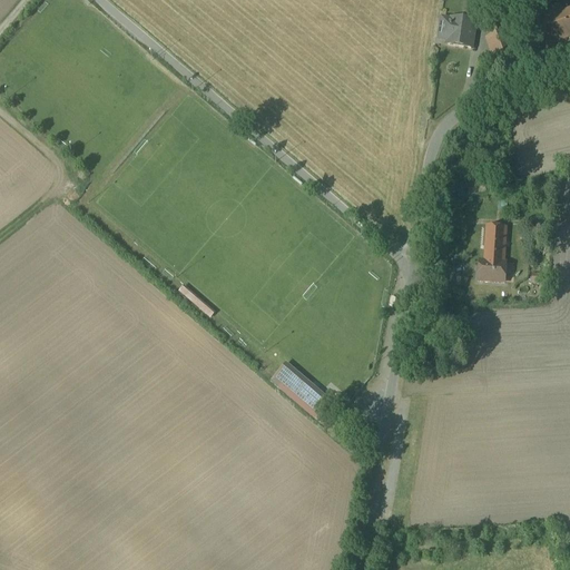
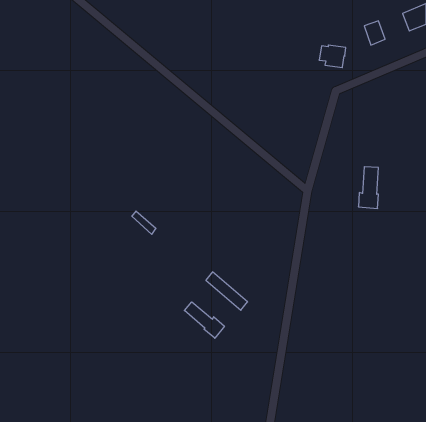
building: [440,14,475,45] -> [319,45,346,68]
building: none -> [184,302,224,338]

